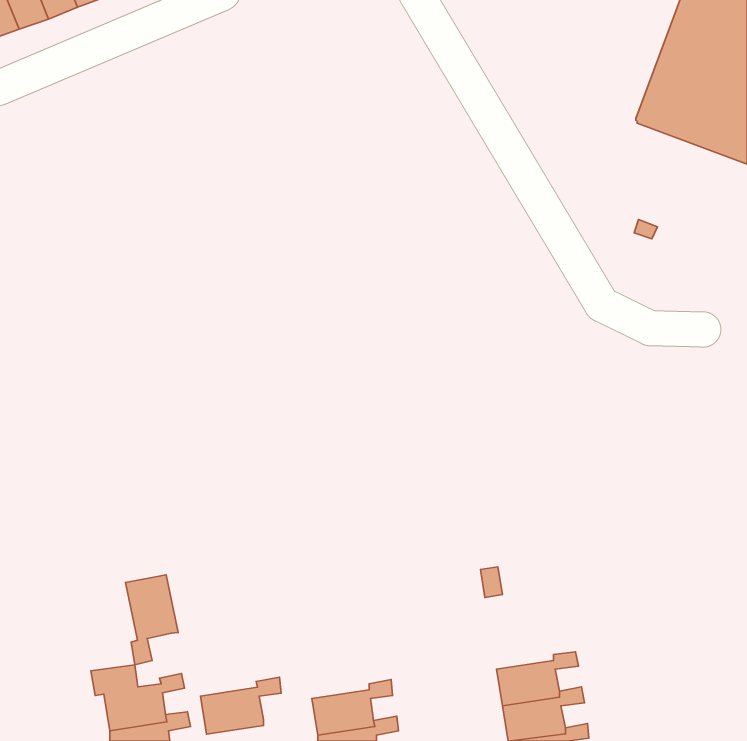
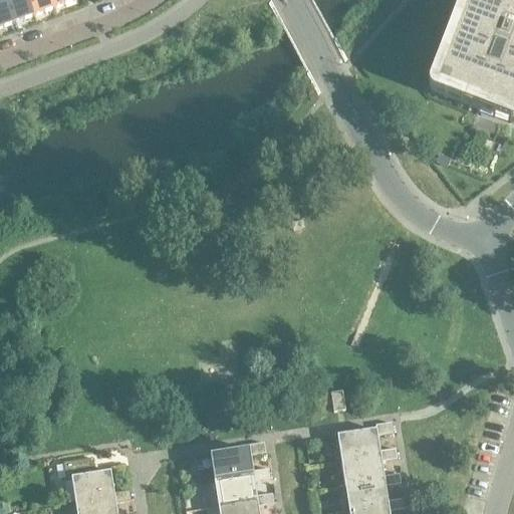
building: [126,575,178,665] -> none
building: none -> [336,420,393,459]
building: [200,677,281,734] -> [210,440,265,479]

